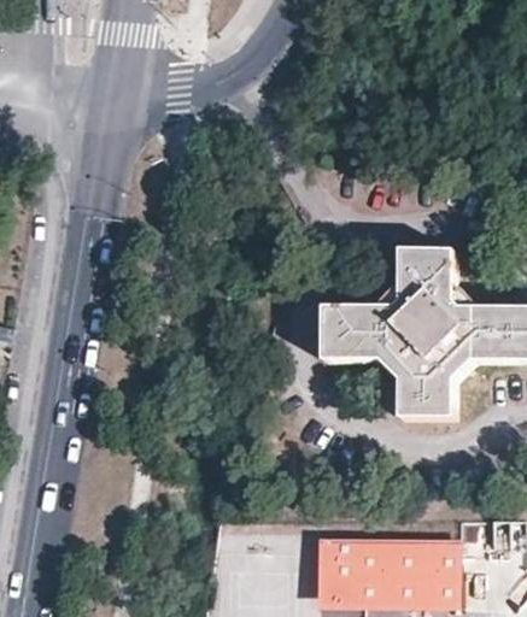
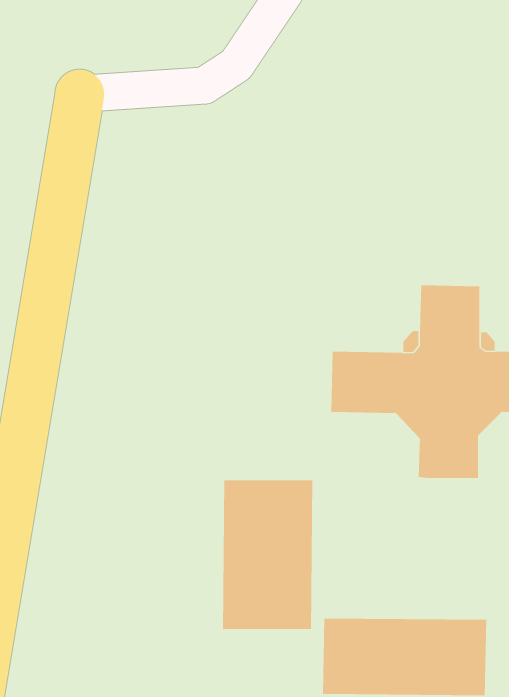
building: none -> [222,479,313,630]

